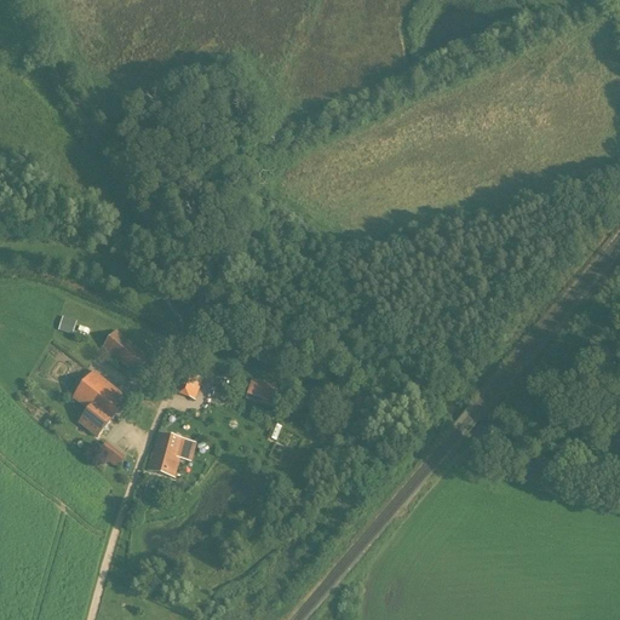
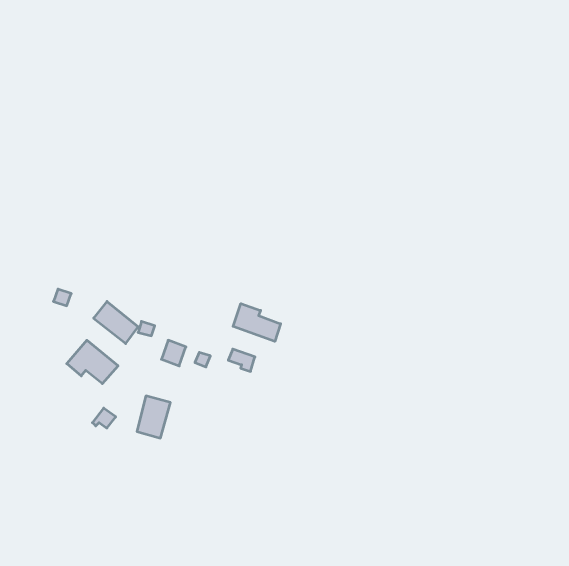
building: none -> [233,304,281,341]
building: [79,403,111,436] -> none

